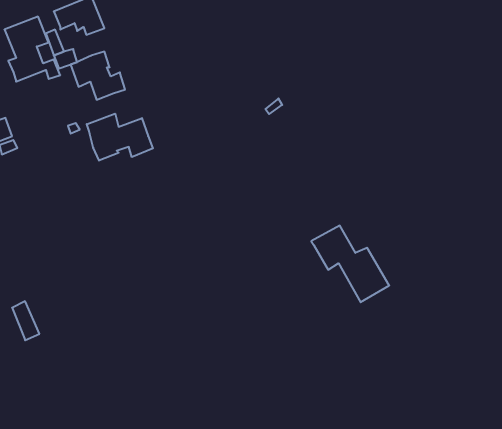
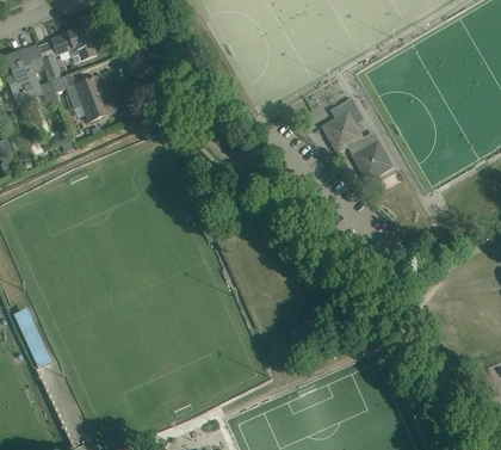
building: [87,114,153,161] -> none
building: [311,226,389,302] -> [321,110,392,180]

